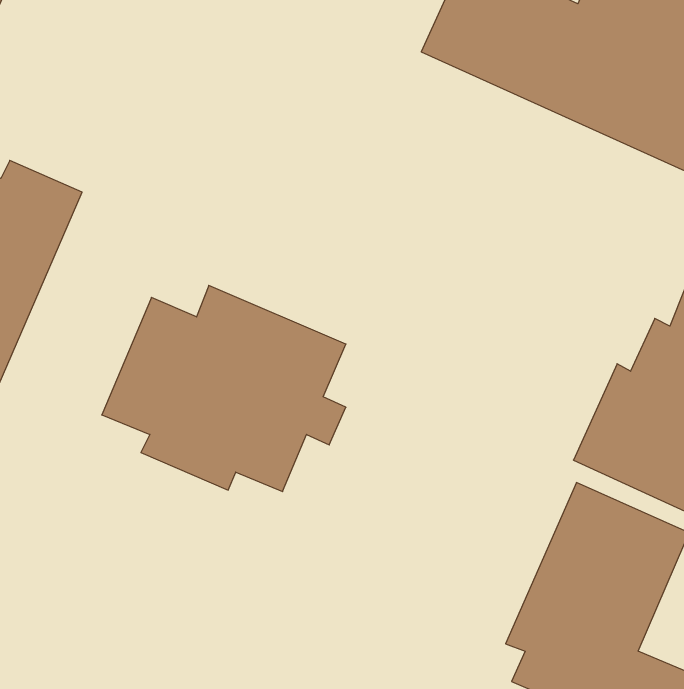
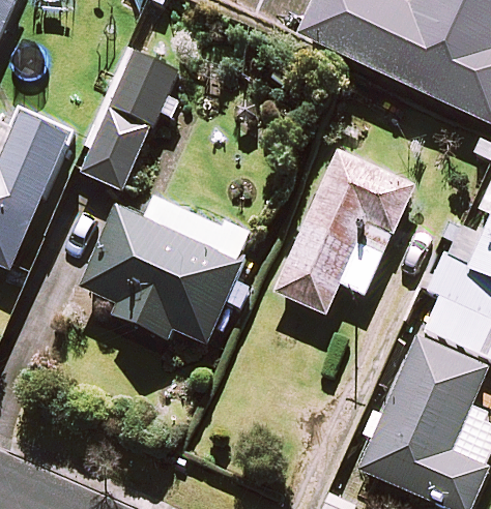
building: none -> [81,48,180,186]
building: none -> [277,152,412,311]

